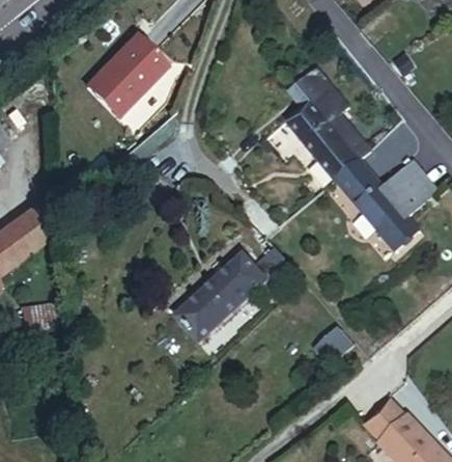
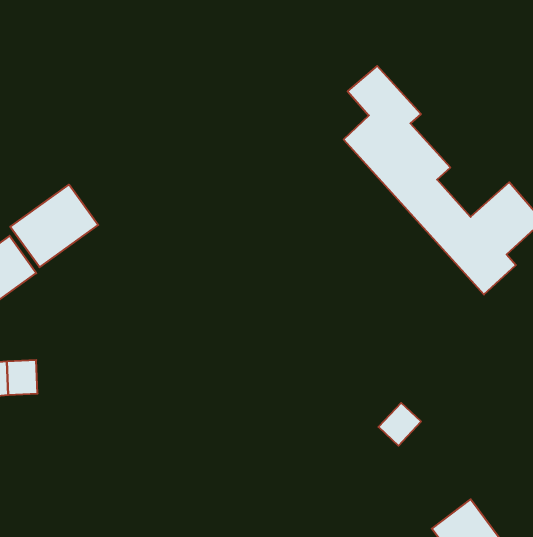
building: [83,38,164,120] -> none
building: none -> [10,185,98,267]
building: [179,253,294,337] -> none

